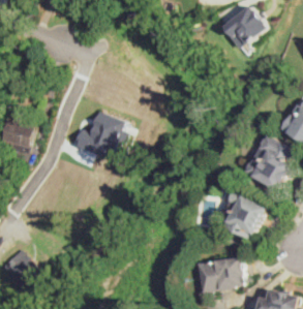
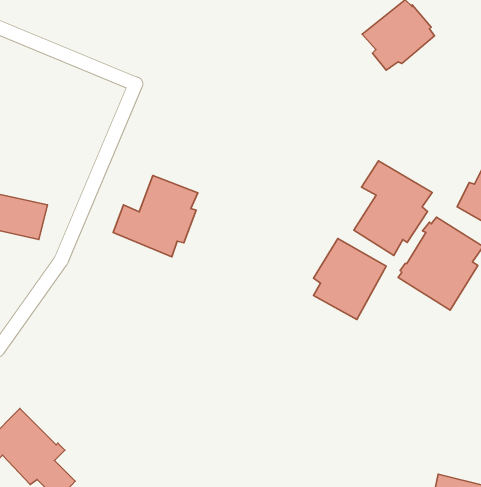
building: none -> [354,161,432,255]
building: [223,190,267,239] -> [314,238,386,320]
building: [201,258,244,292] -> none

